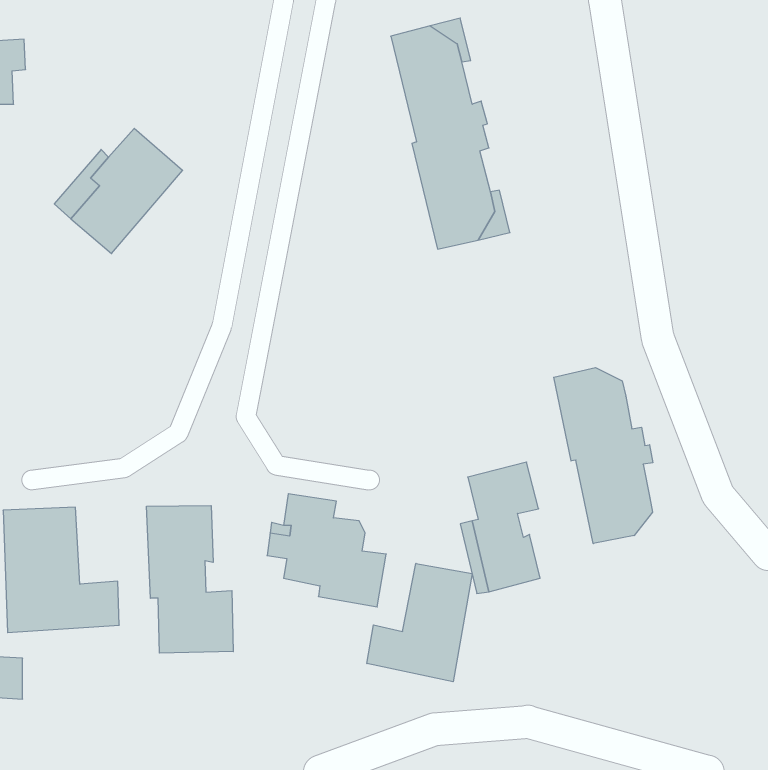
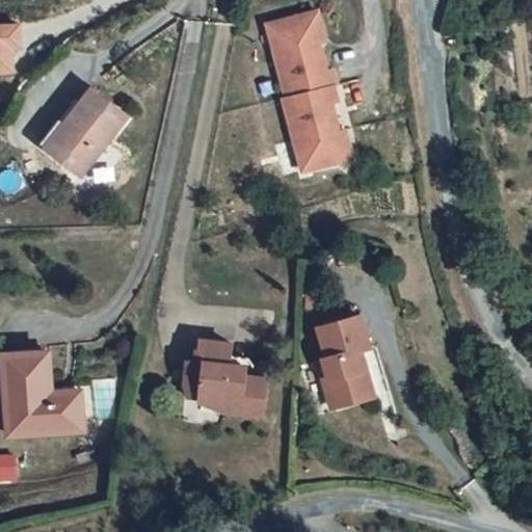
building: [554,368,653,544] -> none
building: [147,506,233,653] -> none
building: [367,563,472,682] -> none

